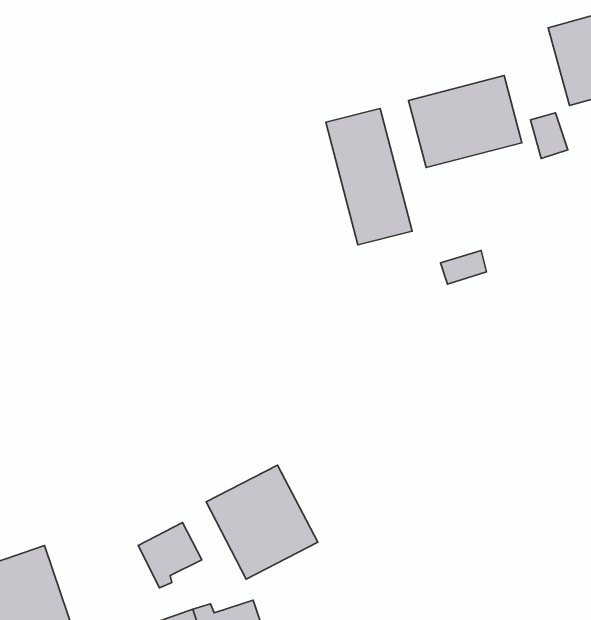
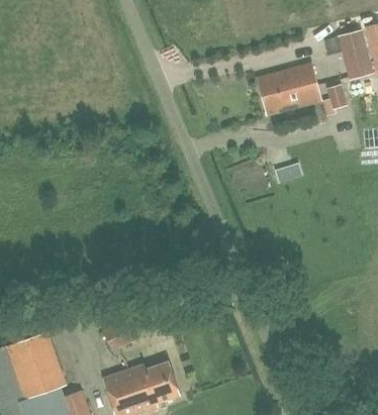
building: [326,108,412,245] -> none
building: [206,465,318,579] -> none

